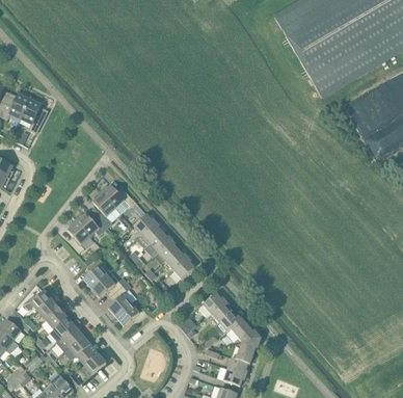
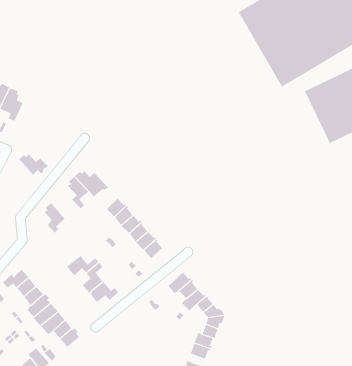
building: [75,212,107,236] -> [18,153,48,176]
building: [83,257,111,287] -> none

